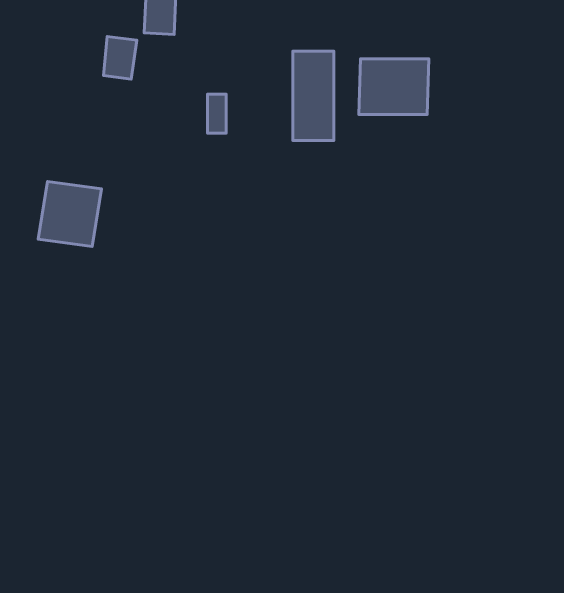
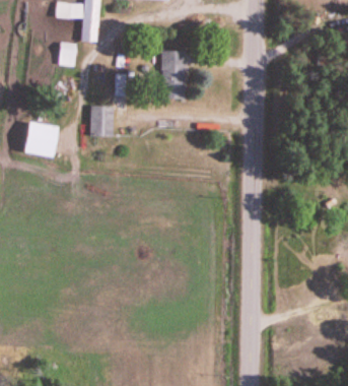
building: [359,59,429,115] -> none
building: none -> [90,106,115,137]

